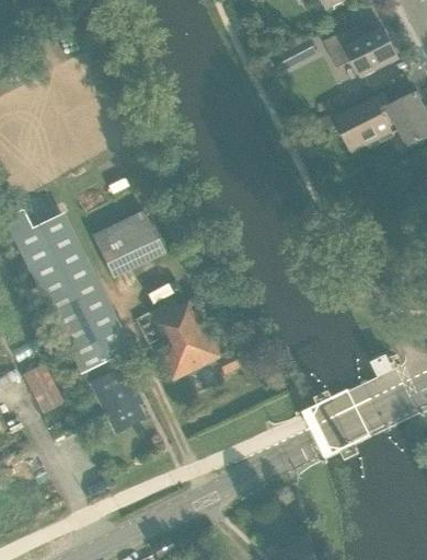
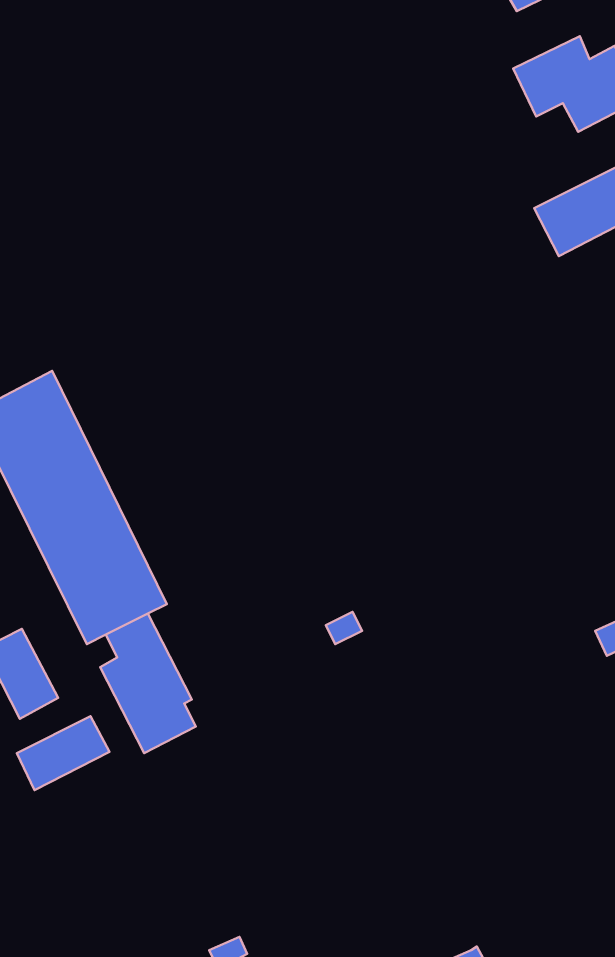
building: [92,208,165,276] -> none
building: [138,295,222,380] -> none
building: none -> [17,716,109,790]

